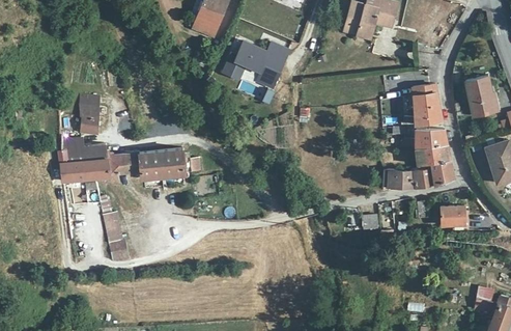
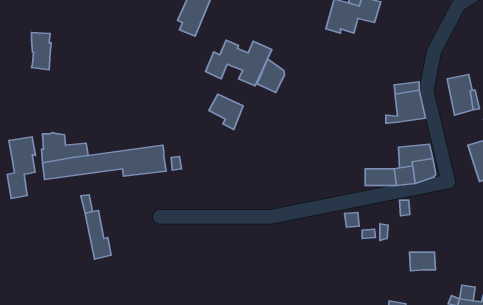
building: none -> [257,59,285,92]
building: [80,95,100,133] -> [31,32,51,70]
building: none -> [209,94,243,130]
building: [402,131,448,148] -> none
building: none -> [7,137,35,199]
building: [439,206,465,225] -> [410,252,436,271]

